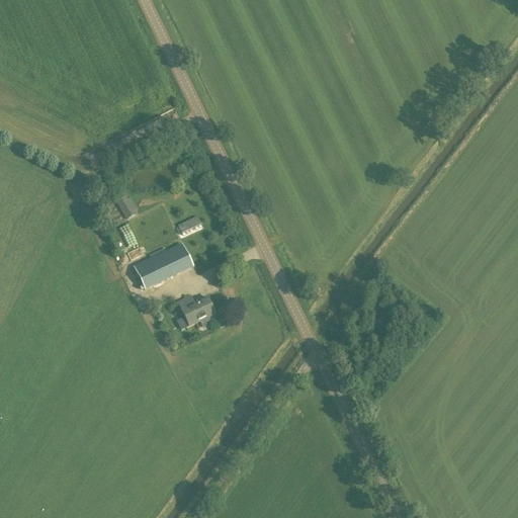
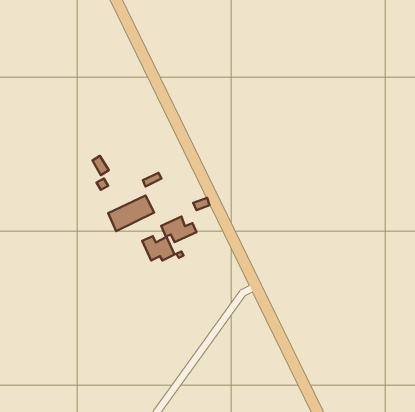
building: none -> [161,217,197,242]

